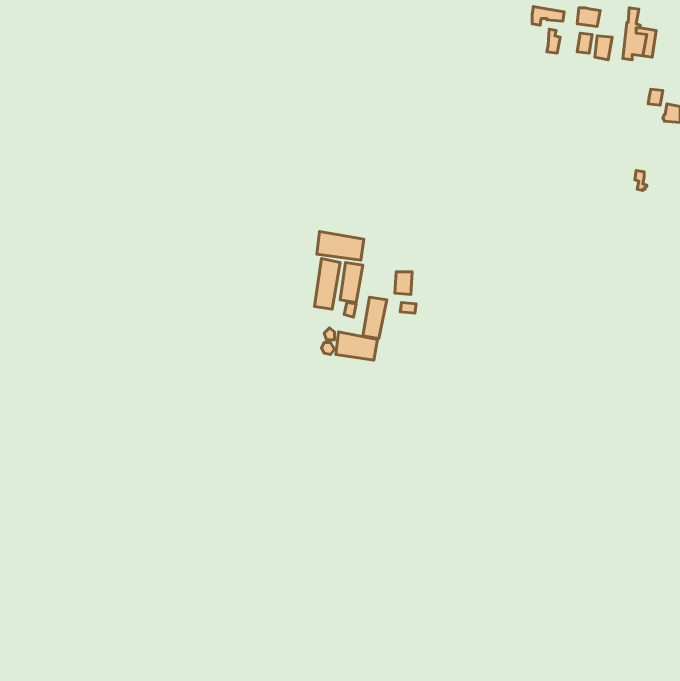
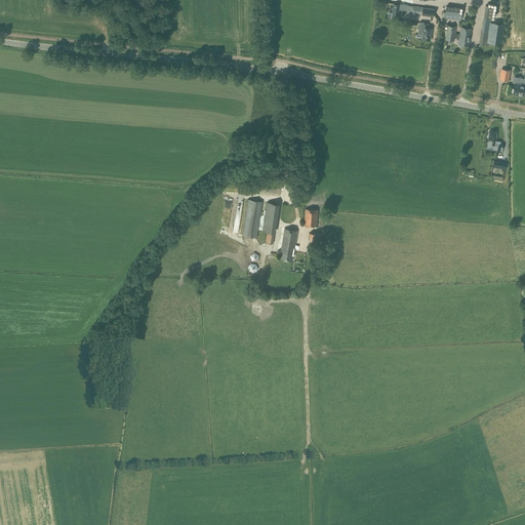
building: [317,231,364,260] -> none
building: [336,332,377,360] -> none

